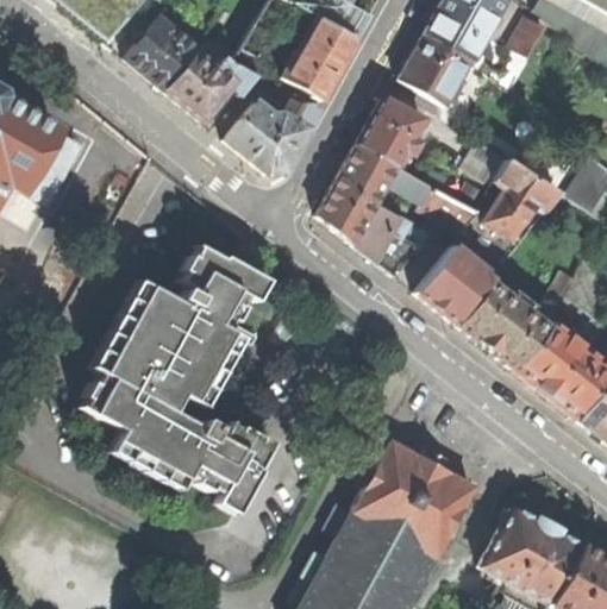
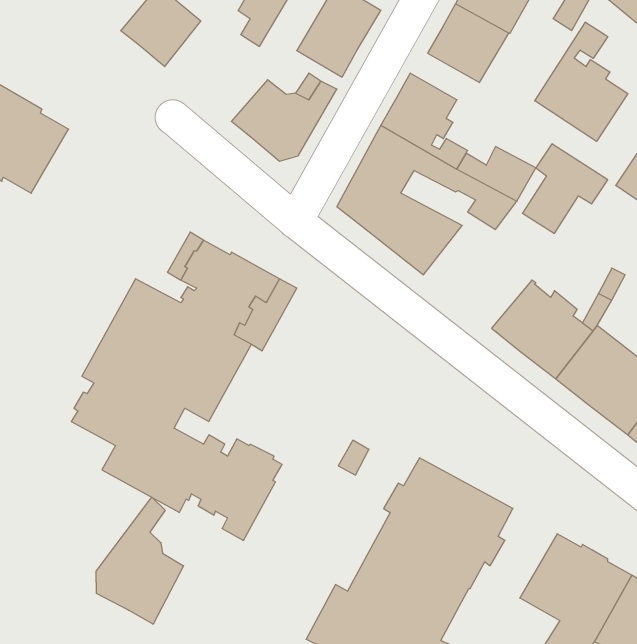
building: [167,50,257,121] -> none
building: none -> [535,22,628,141]
building: [418,245,494,324] -> none
building: none -> [96,497,184,624]

